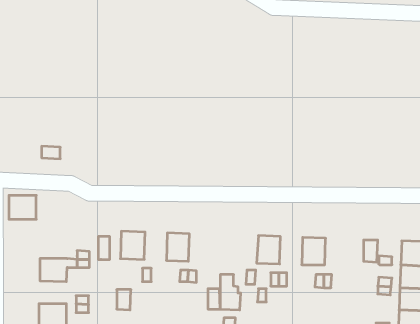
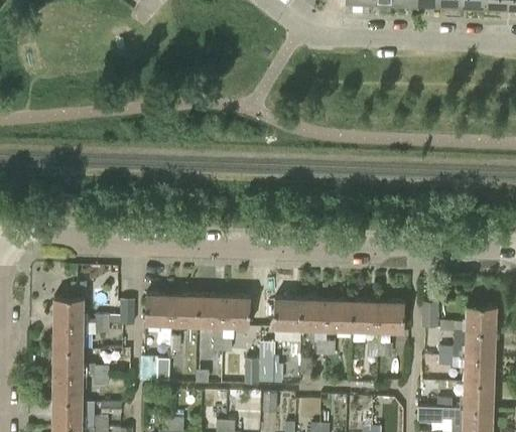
building: [9,195,36,219] -> [53,299,85,326]
building: none -> [172,296,199,328]
building: none -> [223,298,250,330]
building: none -> [273,299,302,331]
building: none -> [327,301,353,333]
building: none -> [378,303,403,334]
building: none -> [52,351,84,378]

